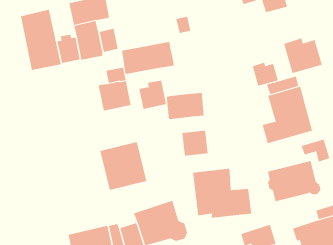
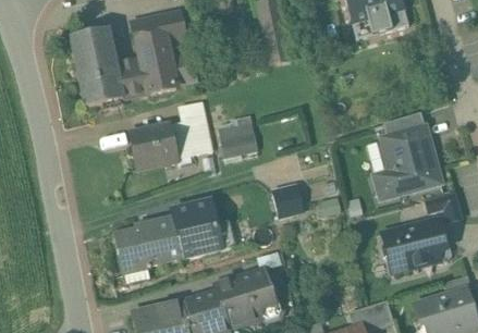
building: [283,38,322,74] -> none
building: [121,41,174,75] -> none
building: [252,62,279,86] -> none
building: none -> [131,123,176,168]
building: [166,92,204,120] -> none
building: none -> [113,215,184,282]
building: [192,168,252,218] -> none

